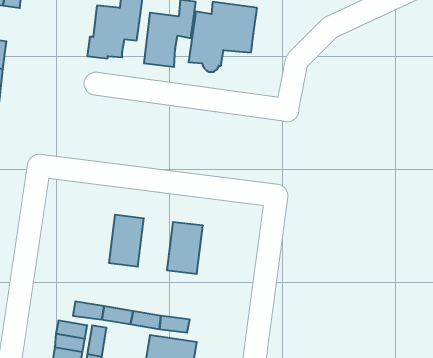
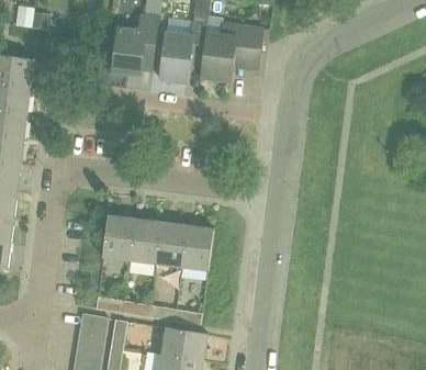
building: none -> [101,214,133,261]
building: none -> [154,221,186,268]

